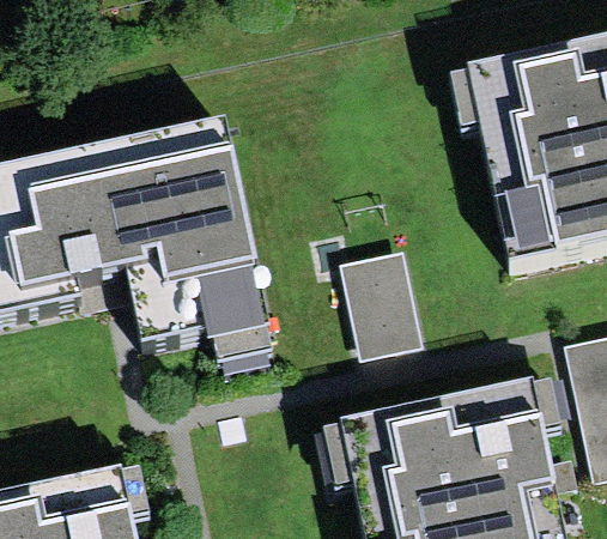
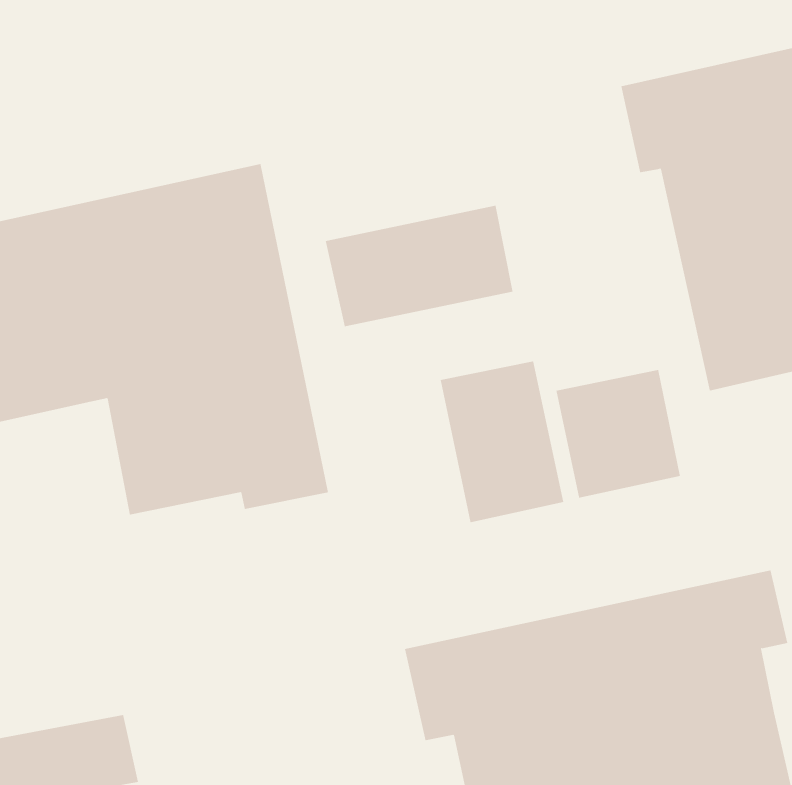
building: none -> [325,205,513,327]
building: none -> [556,369,681,499]

